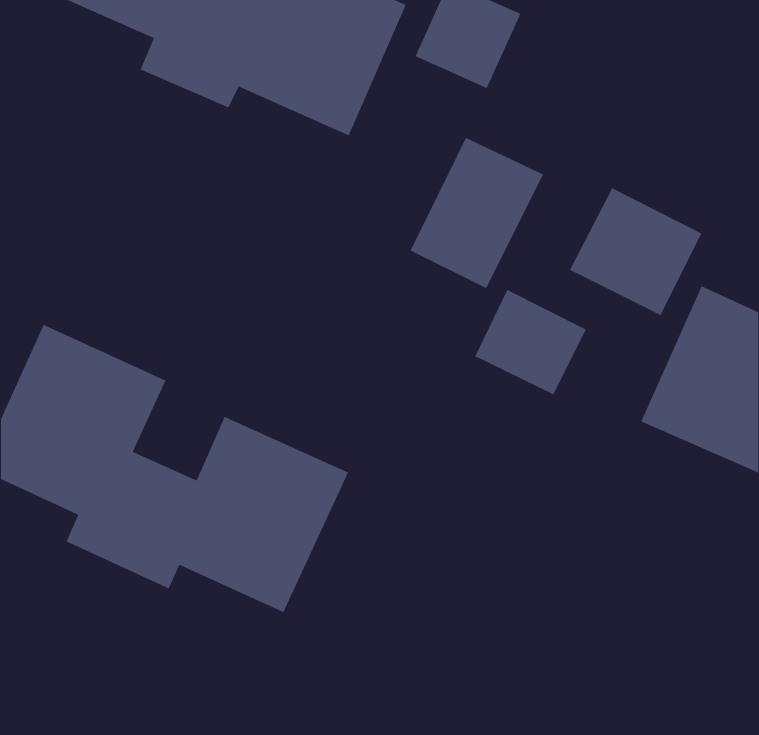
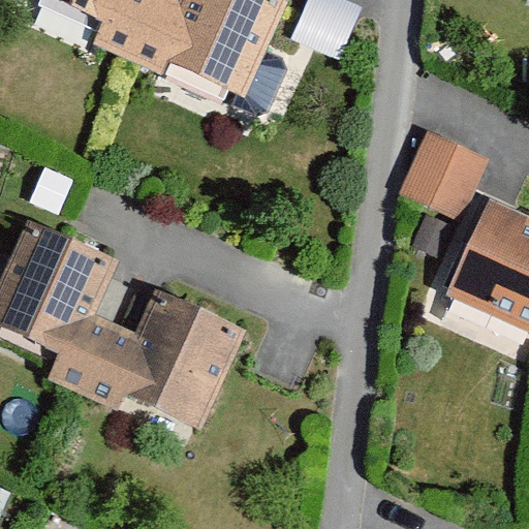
building: [409,137,544,289] -> none
building: [474,289,587,396] -> none

